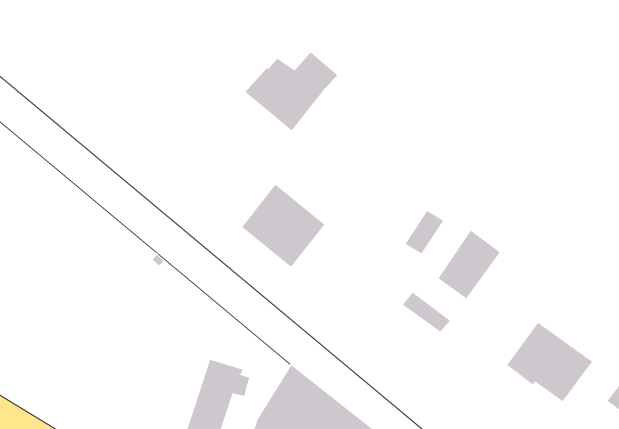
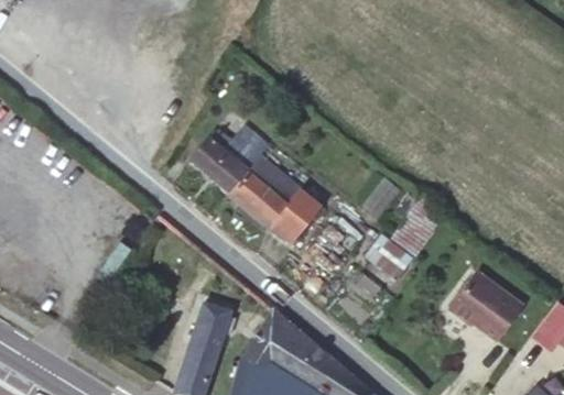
building: [244,51,338,132] -> [191,125,269,193]
building: none -> [272,189,321,241]

